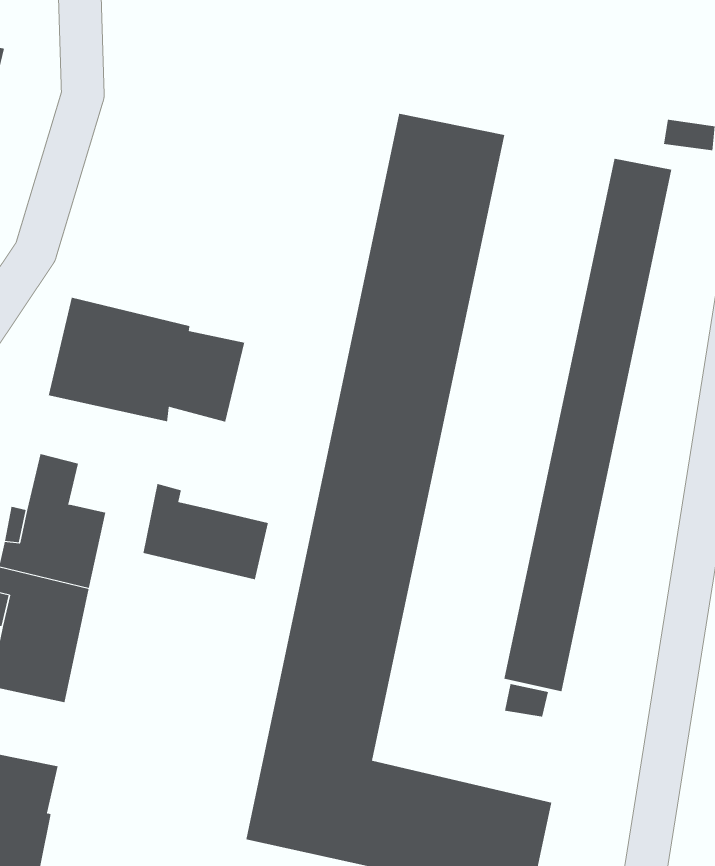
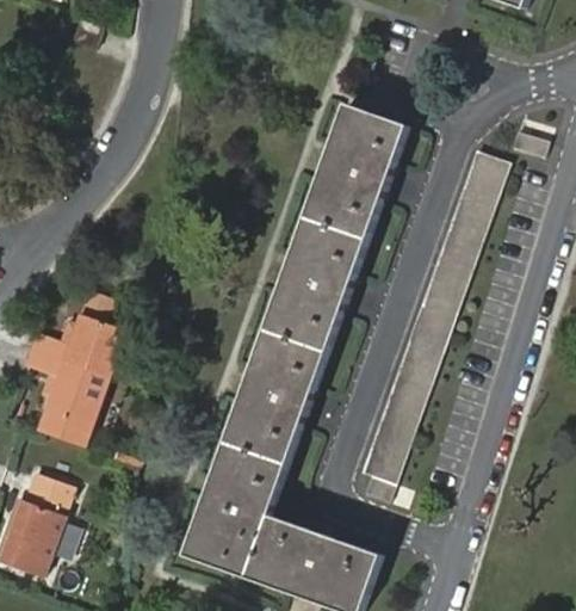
building: [48,297,245,422] -> none
building: [143,483,269,580] -> none

